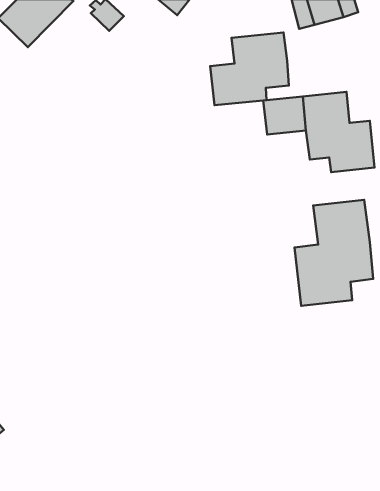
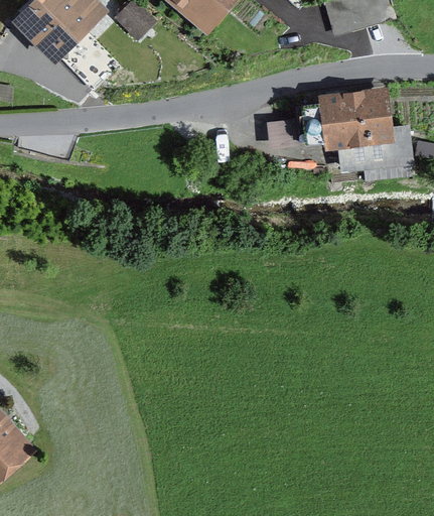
building: [210,33,289,105] -> none
building: [294,200,373,306] -> none

